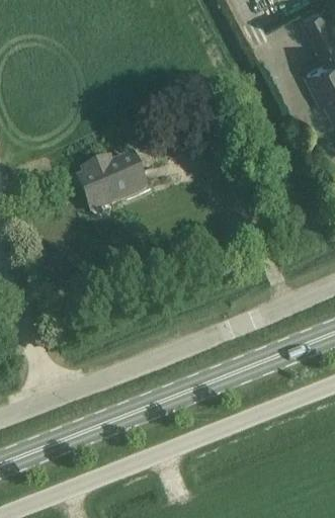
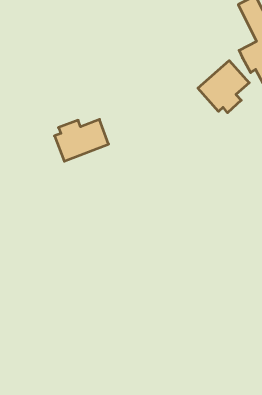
building: none -> [198,61,249,113]

